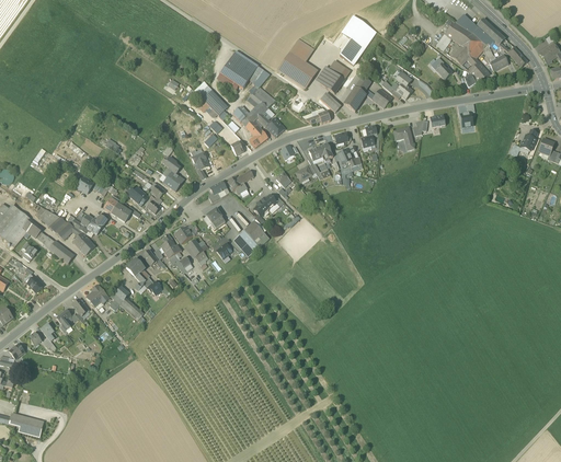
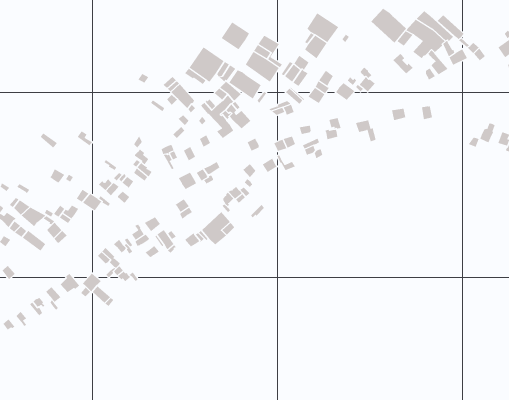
building: none -> [371,8,407,43]
building: none -> [221,22,250,50]
building: none -> [228,69,261,99]

